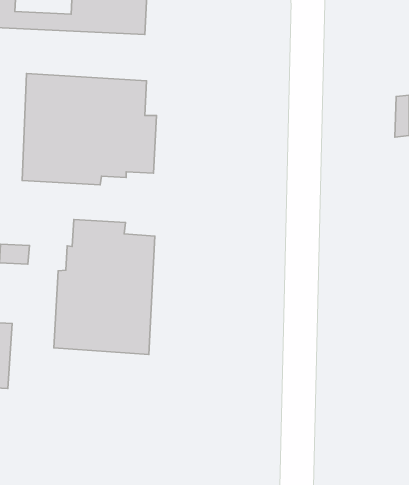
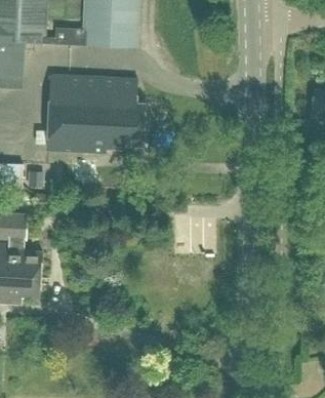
building: [54,219,155,355] -> none

